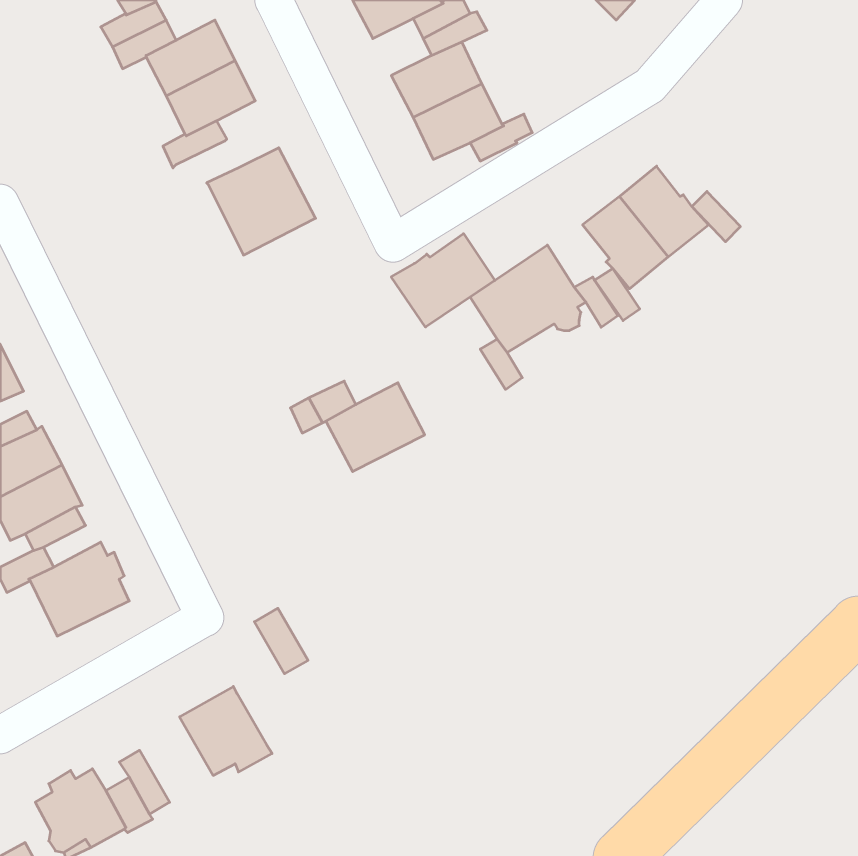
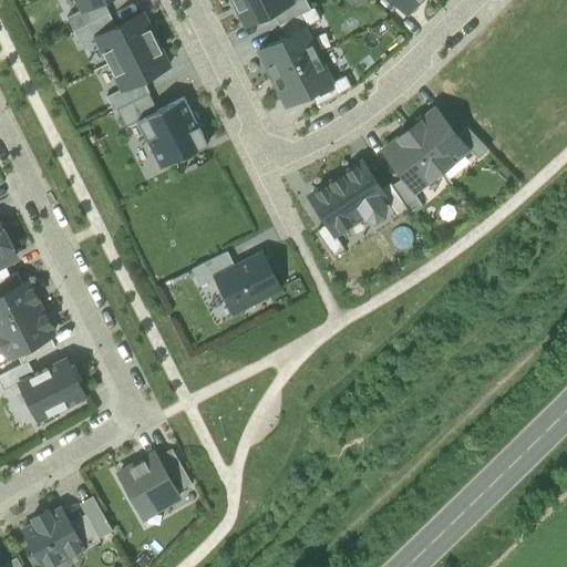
building: none -> [116,94,157,128]
building: [391,234,495,327] -> none
building: [254,608,308,674] -> [156,450,192,493]

